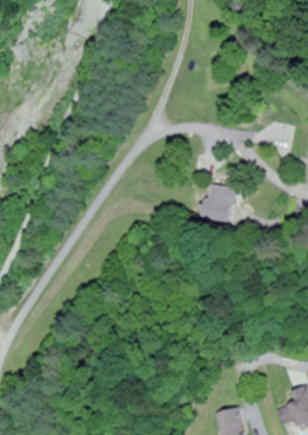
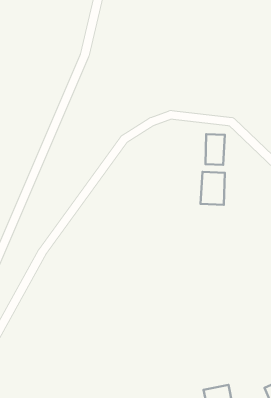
building: none -> [206,134,225,165]

